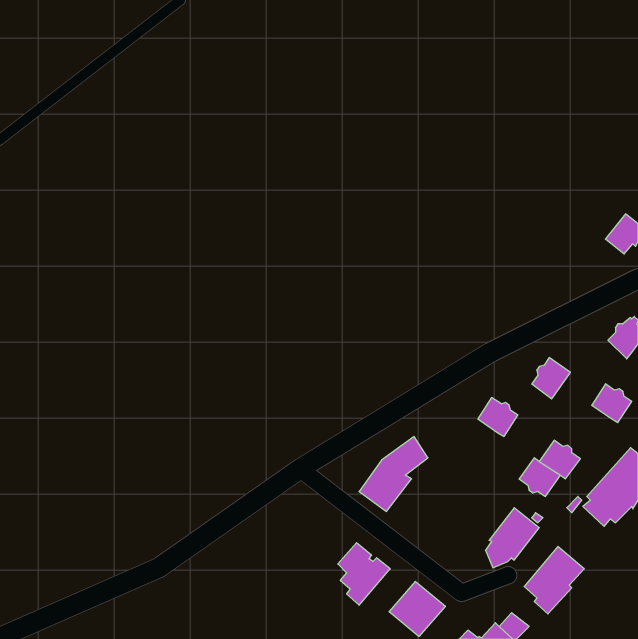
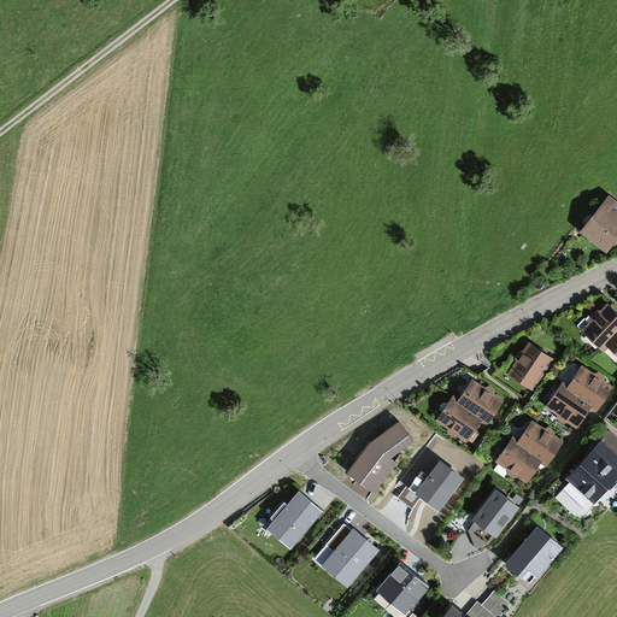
building: none -> [550,386,589,424]
building: none -> [439,400,480,441]
building: none -> [396,463,463,512]
building: none -> [266,489,322,547]

